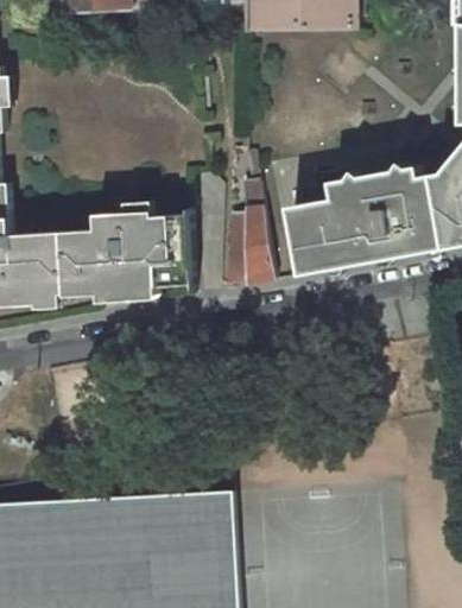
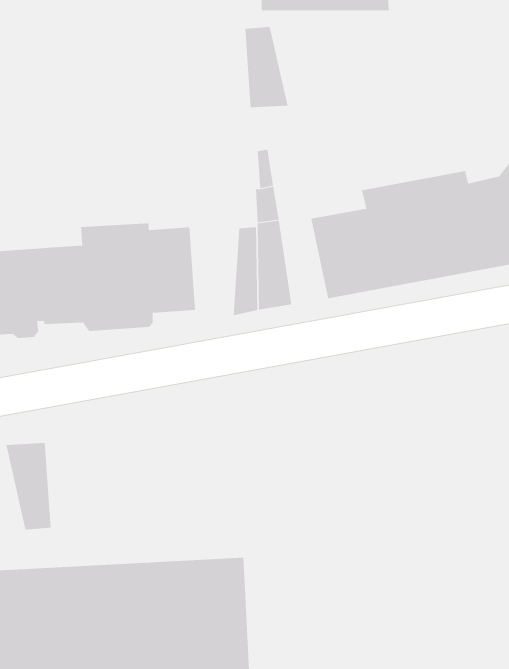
building: none -> [245,26,288,108]
building: none -> [6,442,51,530]

